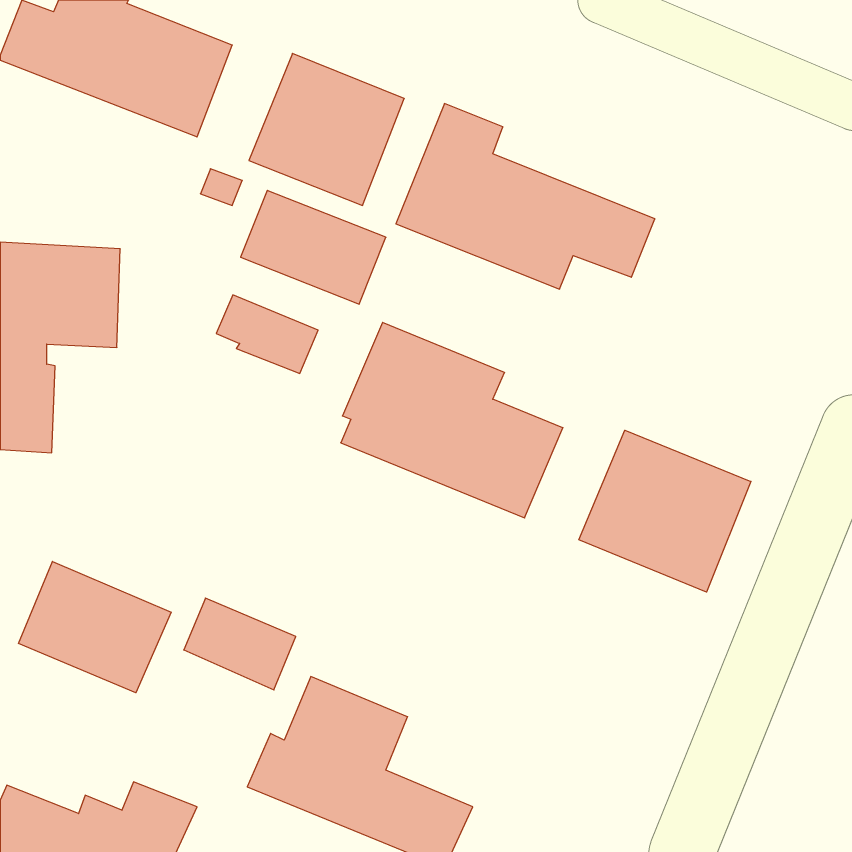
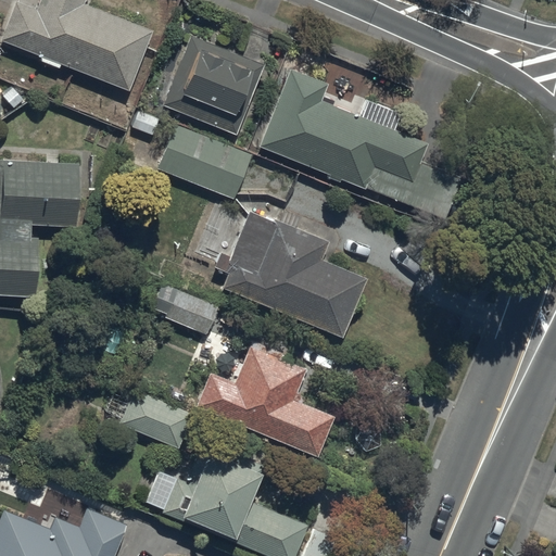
building: [216,295,318,373] -> [152,283,218,334]
building: [579,430,751,592] -> none
building: none -> [195,346,333,457]
building: [19,561,171,693] -> none

